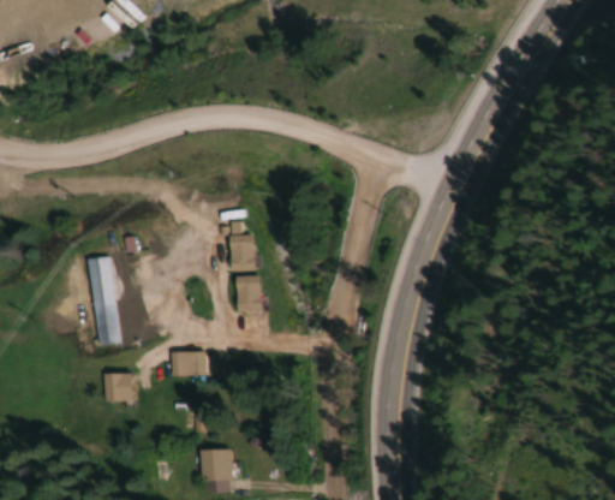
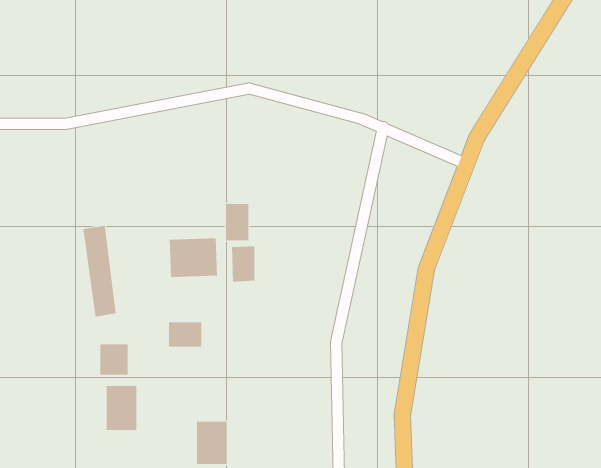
building: none -> [169,238,218,278]
building: none -> [106,385,137,431]

